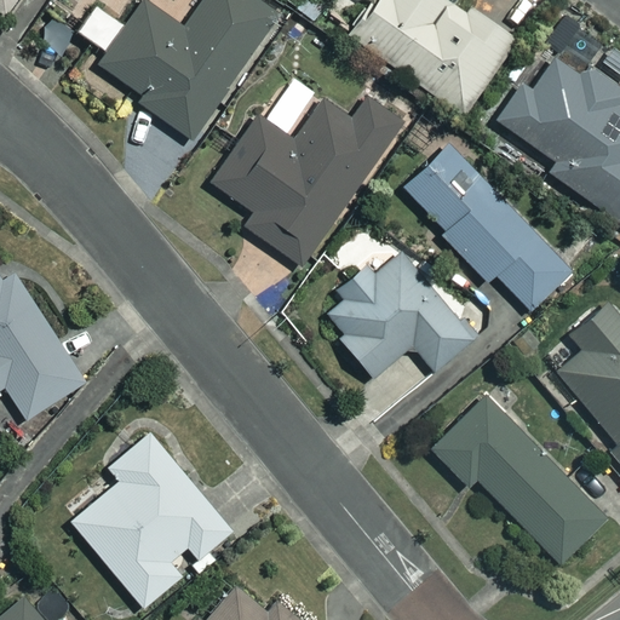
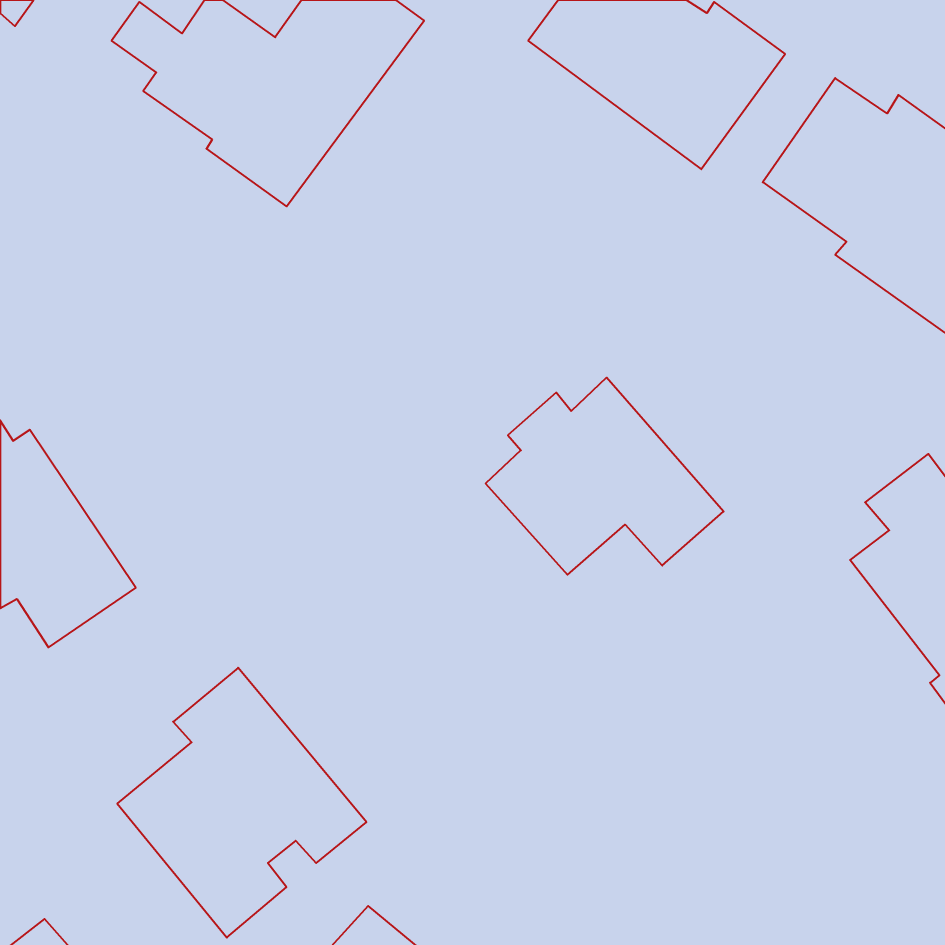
building: [213,96,401,264] -> none
building: [401,137,572,310] -> none
building: [430,395,604,591] -> none

